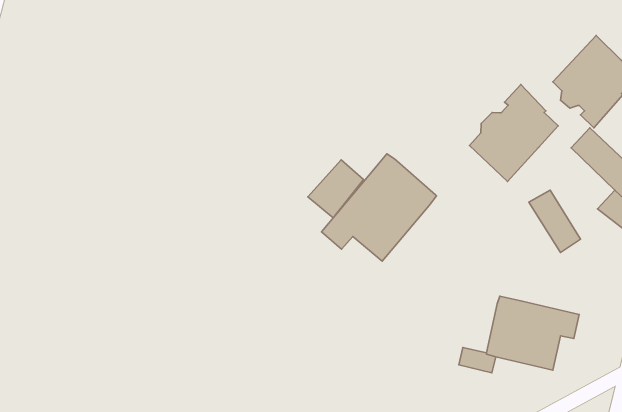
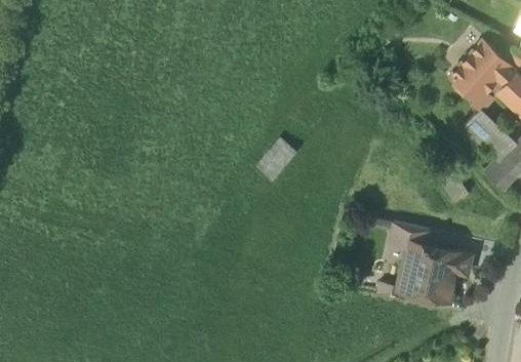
building: [469,84,558,181] -> none
building: [322,154,436,261] -> none
building: none -> [390,225,430,249]

